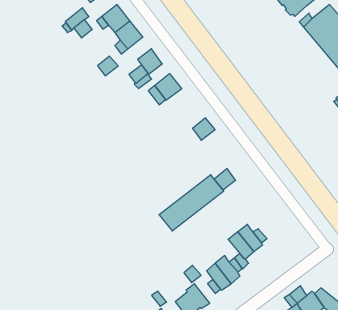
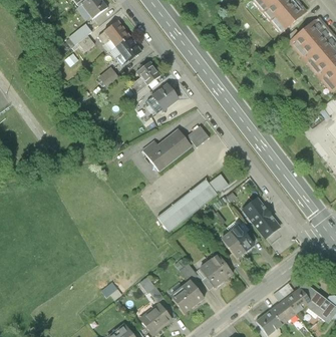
building: none -> [143,128,192,168]
building: none -> [244,197,280,236]

